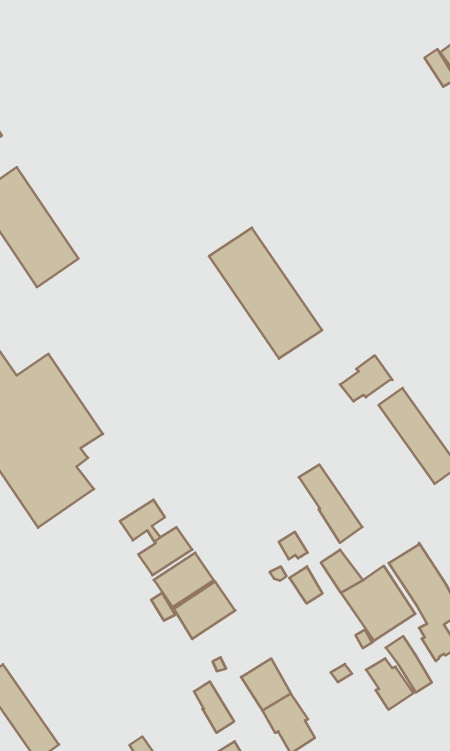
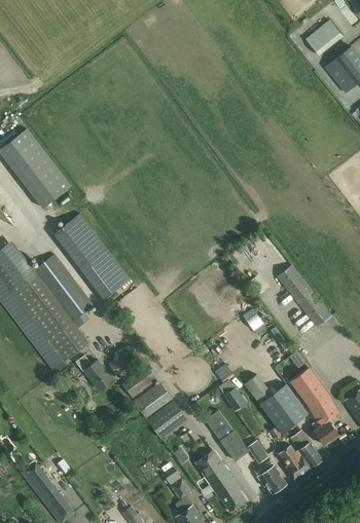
building: [209,228,322,359] -> [52,213,131,299]
building: [340,356,392,401] -> none
building: [299,465,362,543] -> [205,410,249,461]
building: none -> [75,354,114,388]
building: none -> [257,464,287,493]

